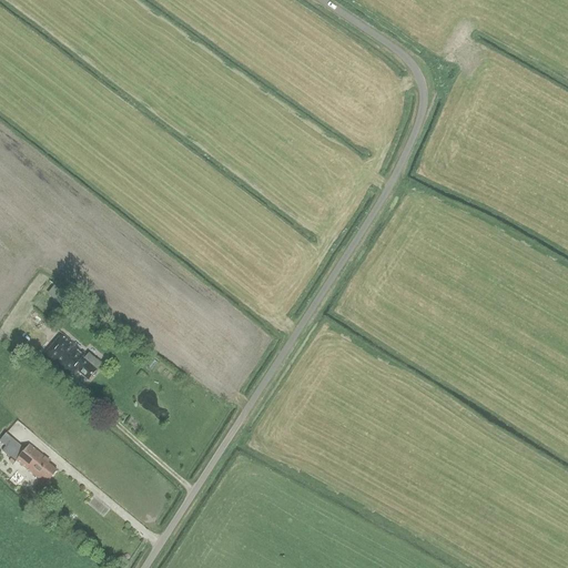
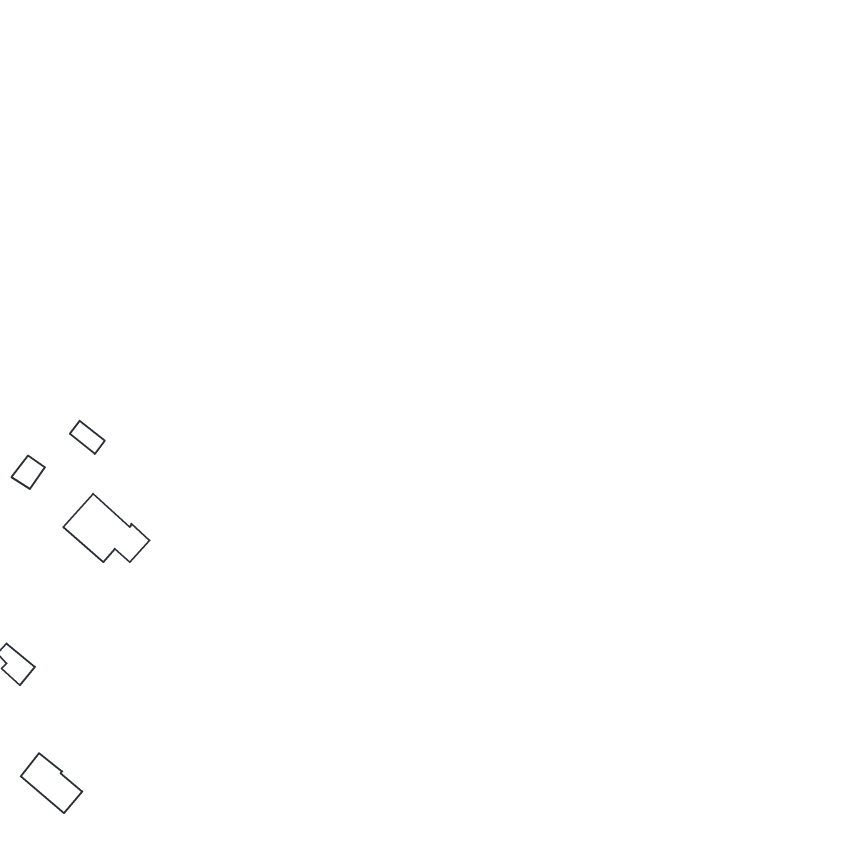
building: [16,440,57,480] -> [21,753,82,813]

